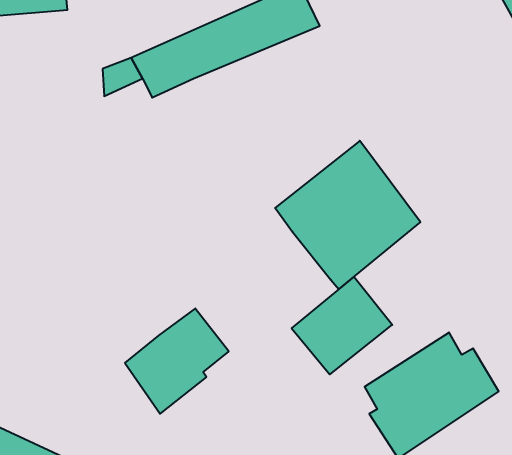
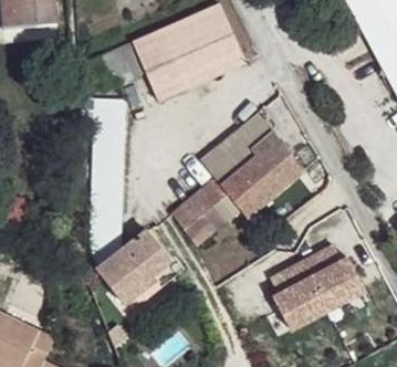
building: none -> [145,35,243,102]
building: none -> [91,99,124,269]
building: [292,277,392,374] -> [170,178,240,245]

